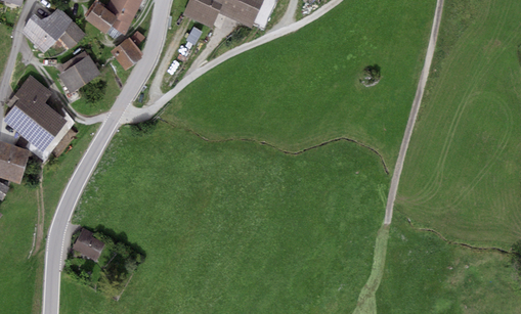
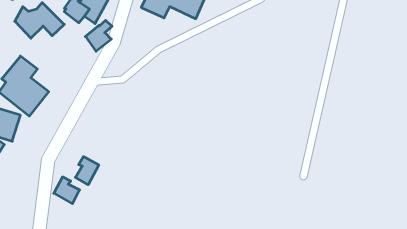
building: [58,49,100,92] -> none
building: none -> [75,157,99,185]

